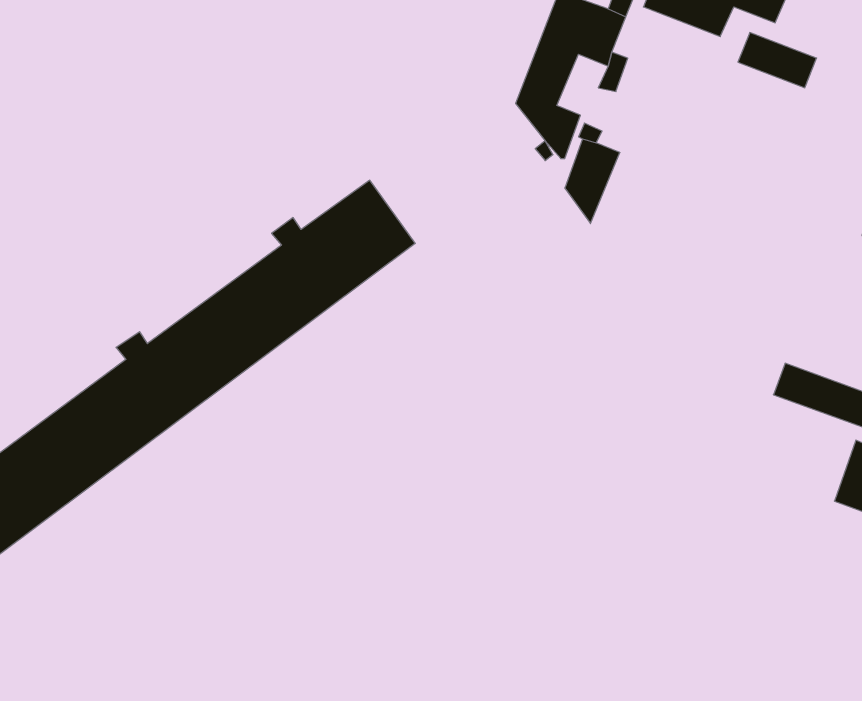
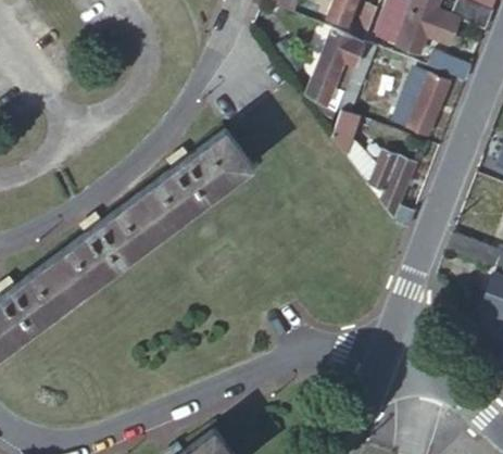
building: none -> [397,72,451,137]
building: none -> [369,151,418,227]

